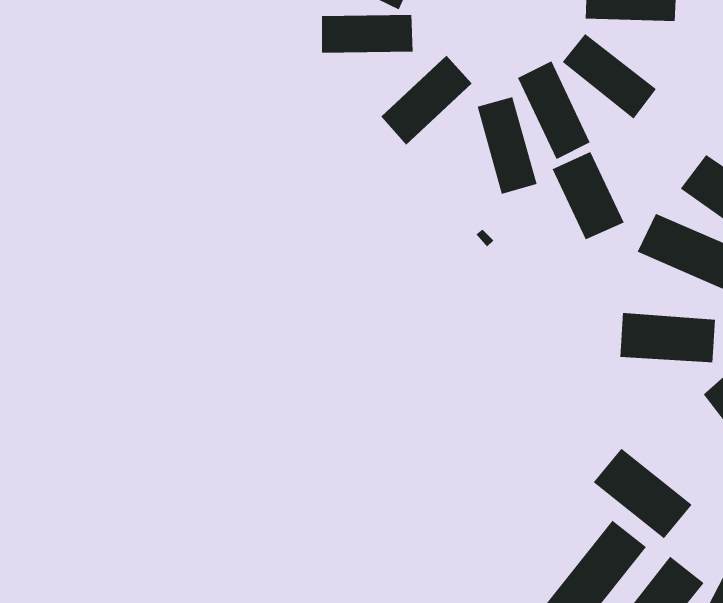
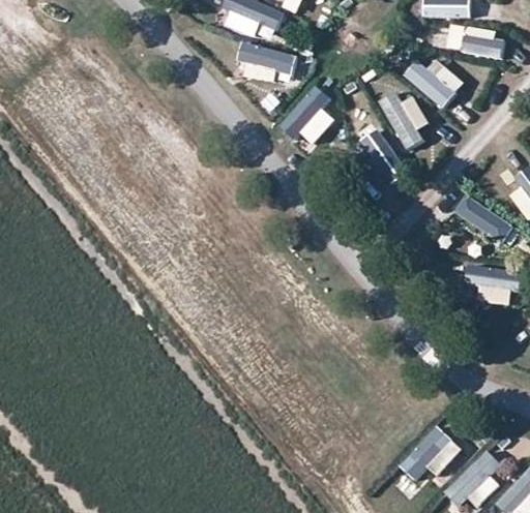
building: [552,151,624,240] -> none
building: [593,448,693,539] -> none

